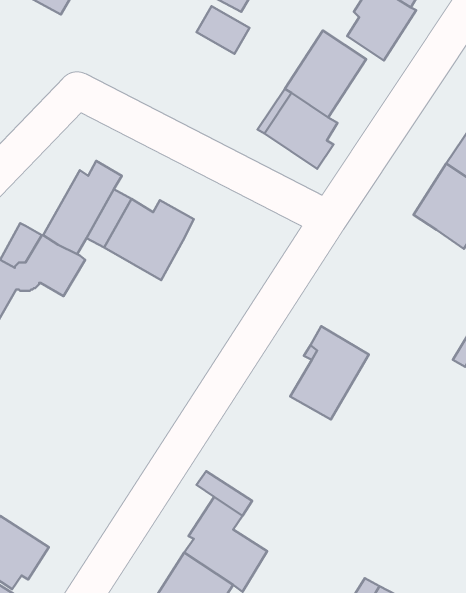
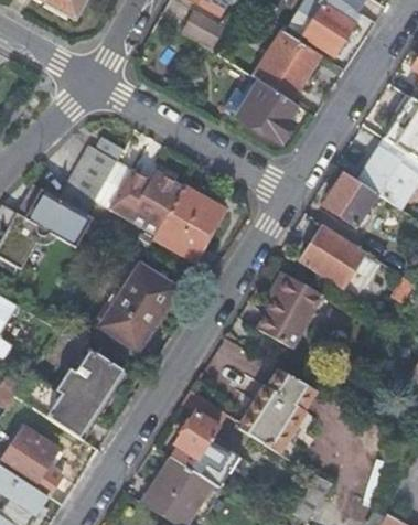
building: none -> [324,173,377,226]
building: none -> [152,185,222,259]
building: none -> [302,228,363,288]
building: none -> [99,265,174,350]
building: none -> [28,351,122,438]
building: none -> [238,371,315,454]

